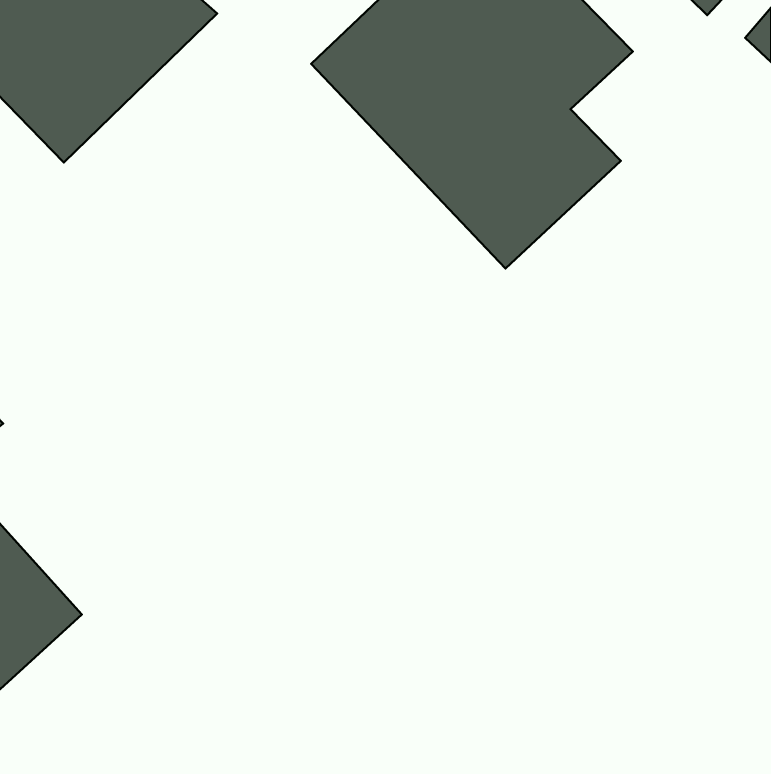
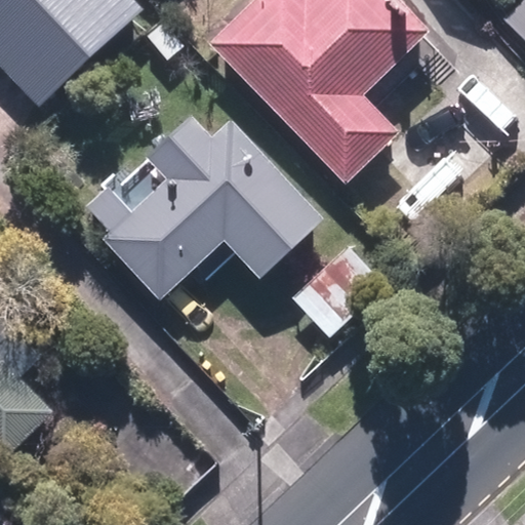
building: none -> [80,95,288,298]

